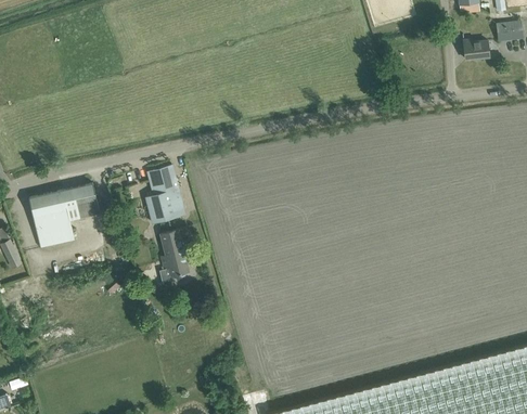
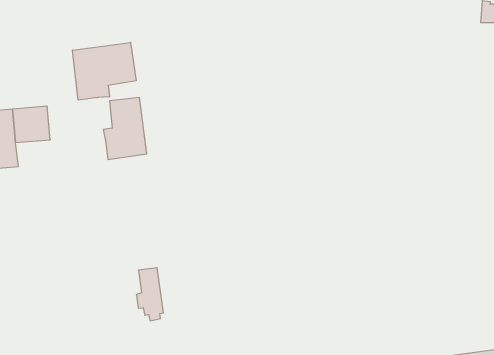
building: none -> [73,42,136,100]
building: [160,232,188,280] -> [136,268,164,321]

